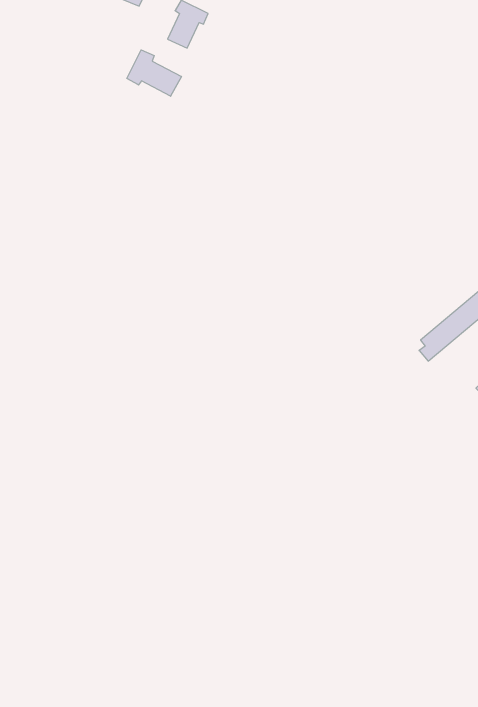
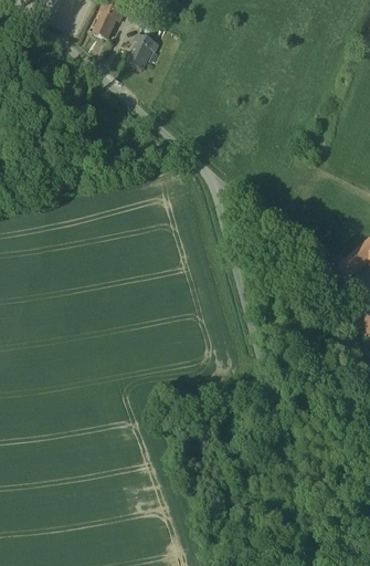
building: [127,50,181,96] -> none

